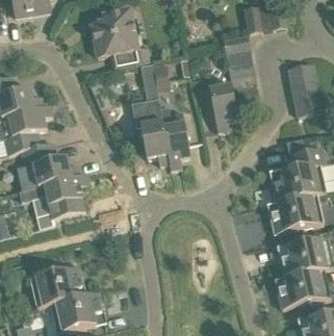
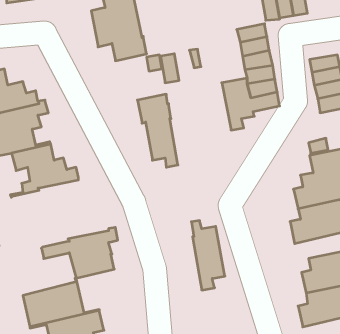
building: [160,106,190,169] -> [191,221,225,290]
building: [19,173,87,218] -> [41,227,118,278]

